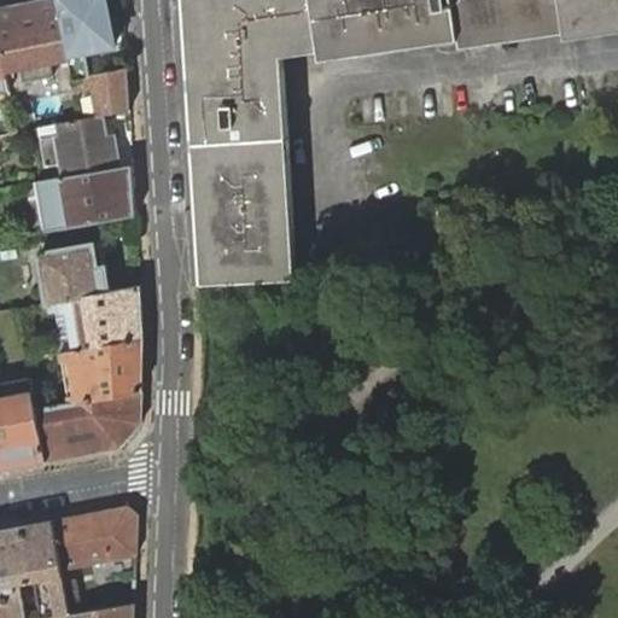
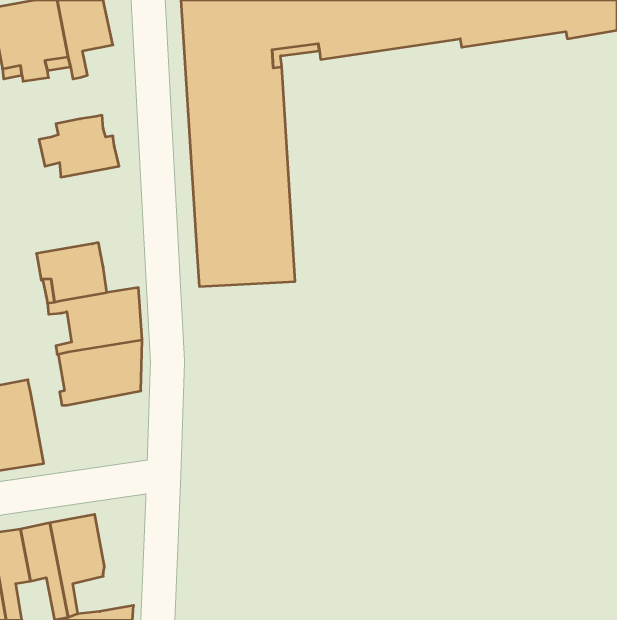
building: [72,69,127,116] -> none
building: [34,163,133,232] -> none
building: [34,389,140,461] -> none
building: [94,506,135,571] -> none

